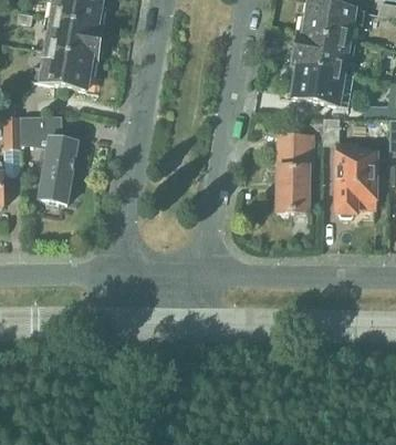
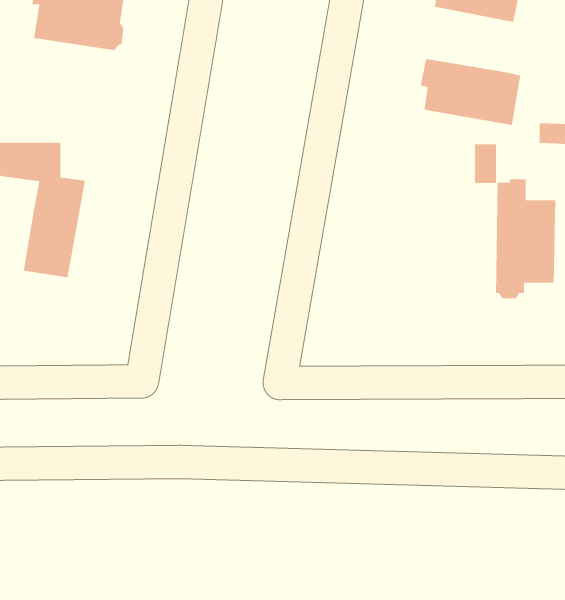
building: [289,31,354,72] -> none
building: [33,51,95,90] -> none
building: [275,133,309,215] -> none

